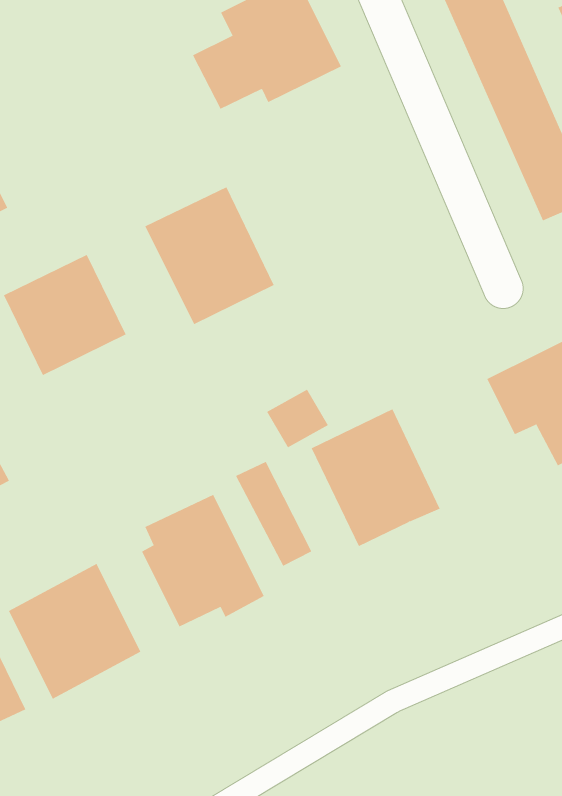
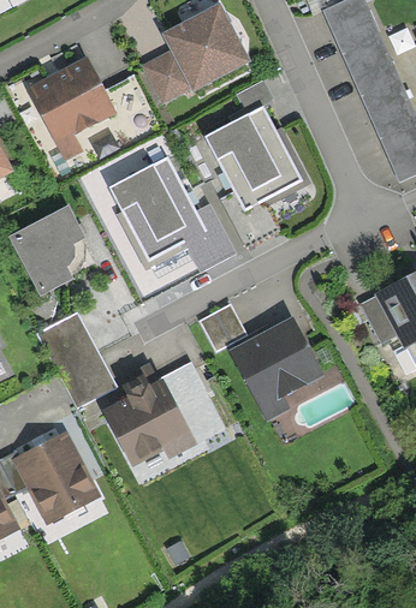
building: none -> [26,56,114,160]
building: none -> [204,106,299,207]
building: none -> [34,312,113,406]

